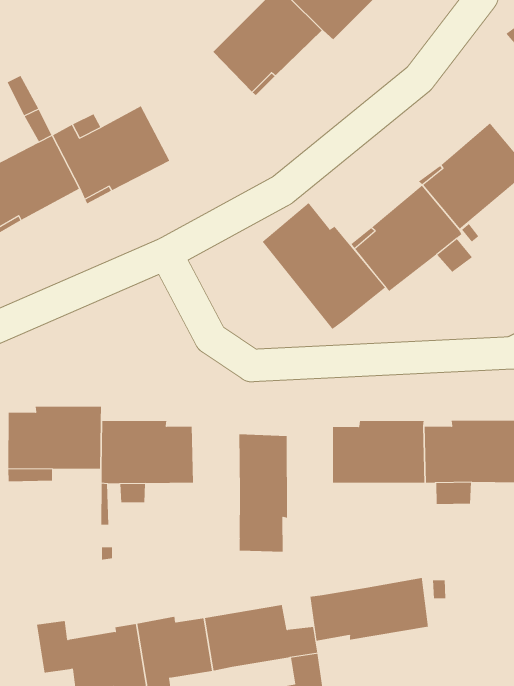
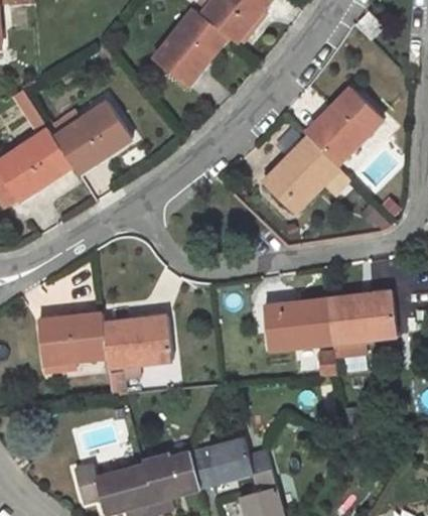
building: [262,202,386,330] -> none
building: [239,433,287,552] -> none
building: [310,577,429,641] -> none

